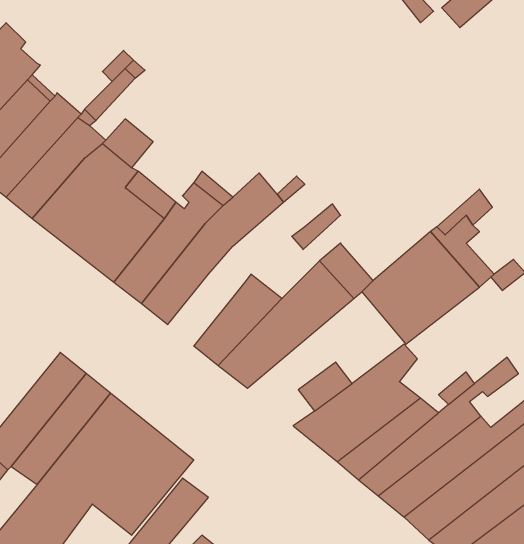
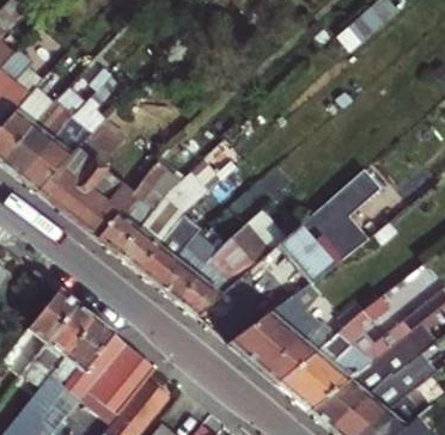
building: none -> [138,212,202,284]

